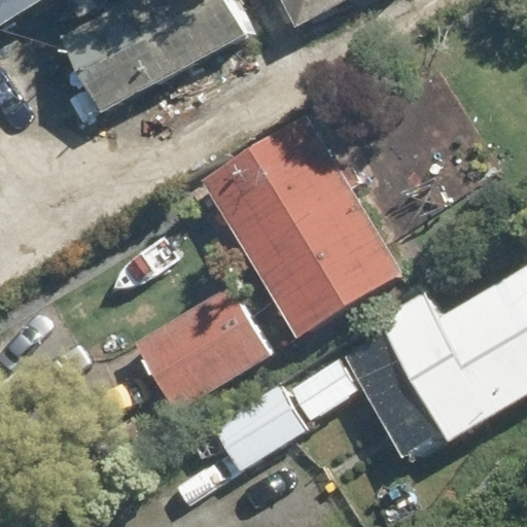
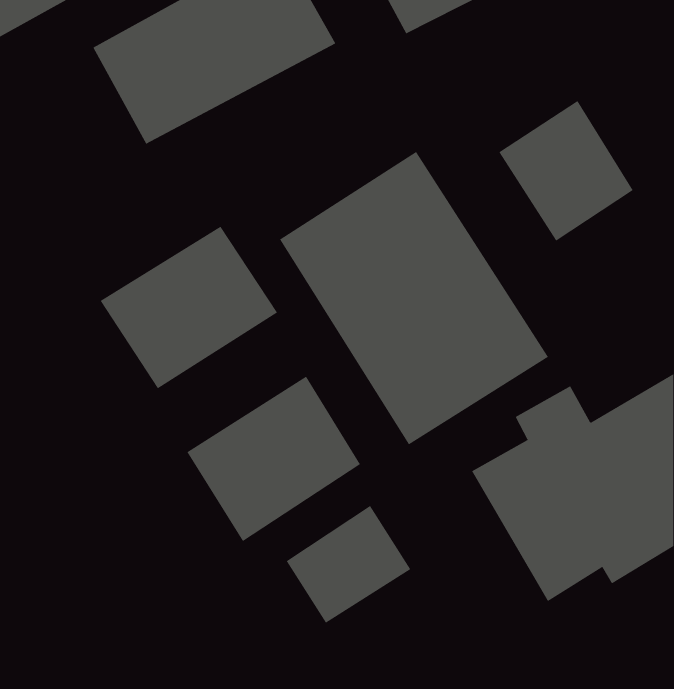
building: none -> [499,100,634,242]
building: none -> [100,226,278,389]

